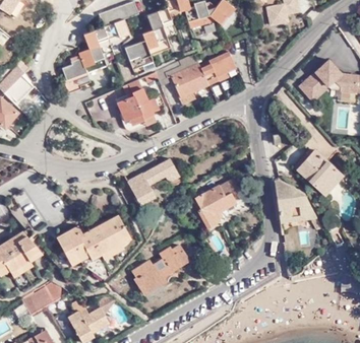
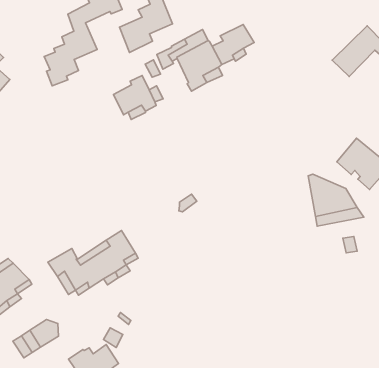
building: [127,158,182,205] -> none
building: [194,180,242,227] -> none
building: [132,245,188,292] -> none

